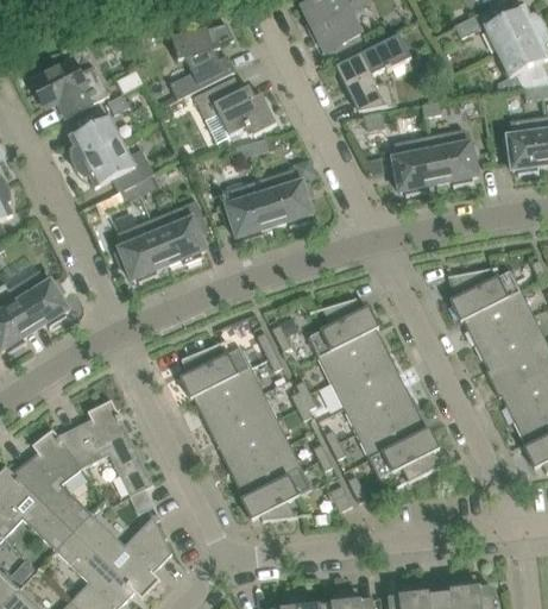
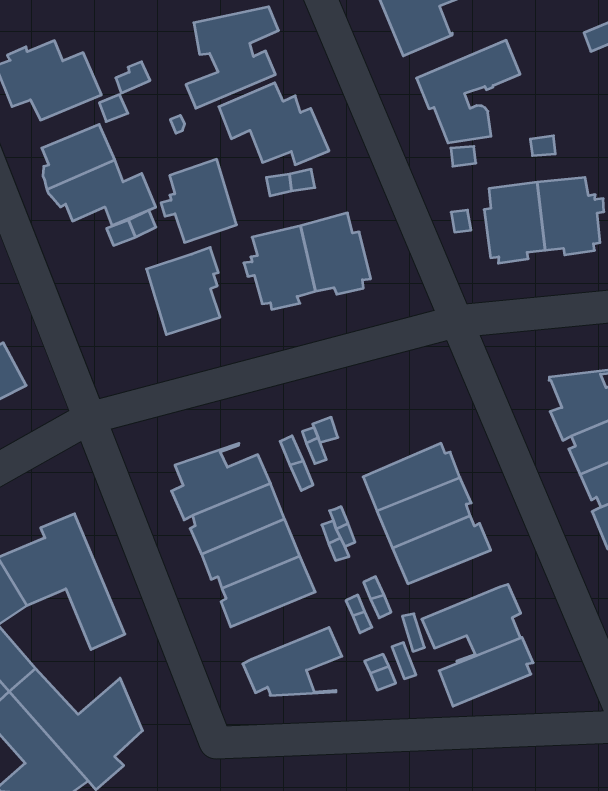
building: [112,219,168,281] -> [161,159,237,242]
building: [307,299,378,358] -> none
building: [355,404,423,458] -> [439,637,533,706]
building: [229,444,301,496] -> none

